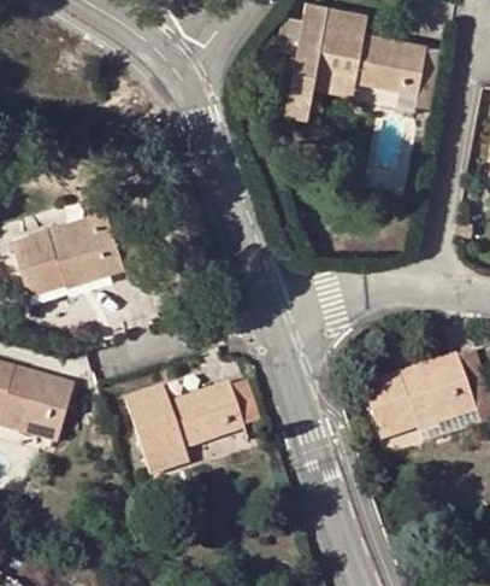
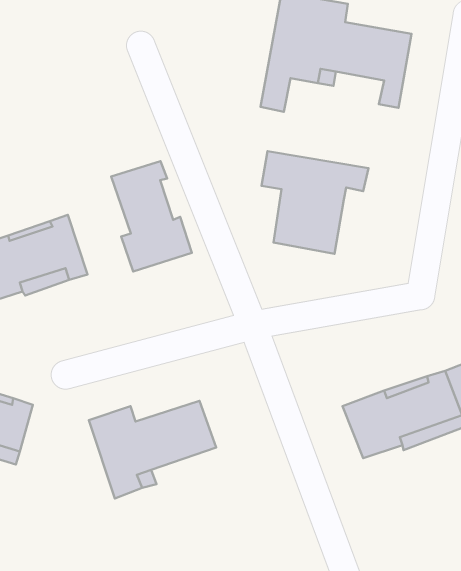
building: none -> [261,151,369,254]
building: none -> [111,161,192,271]

